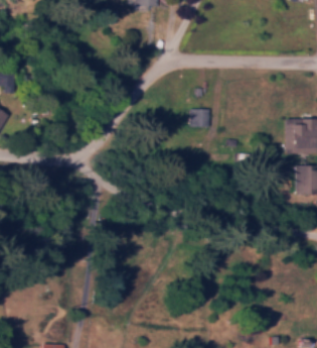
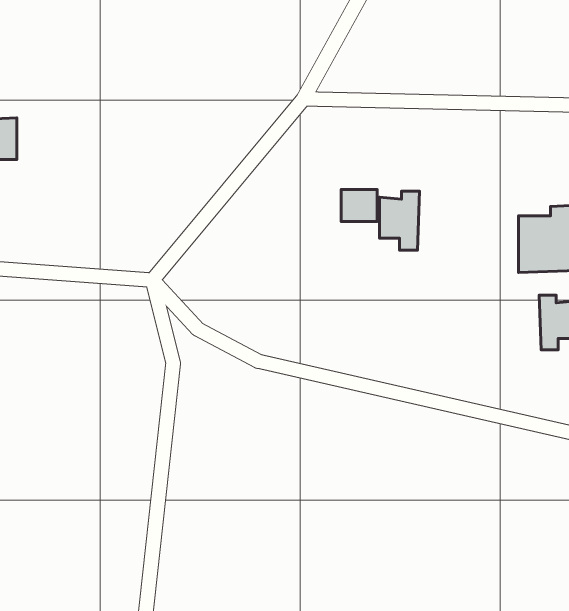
building: none -> [379,191,420,250]

